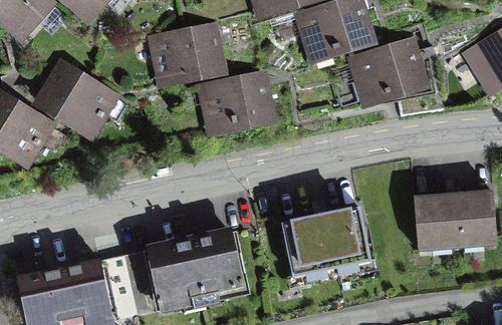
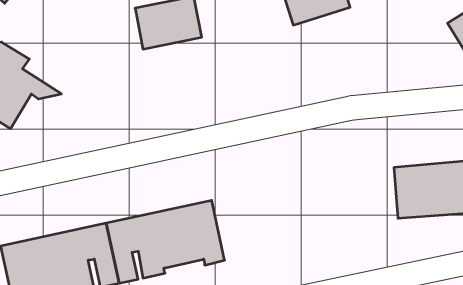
building: [353,42,424,99] -> none
building: [40,65,127,132] -> none
building: [203,75,270,128] -> none
building: [282,207,371,277] -> none

